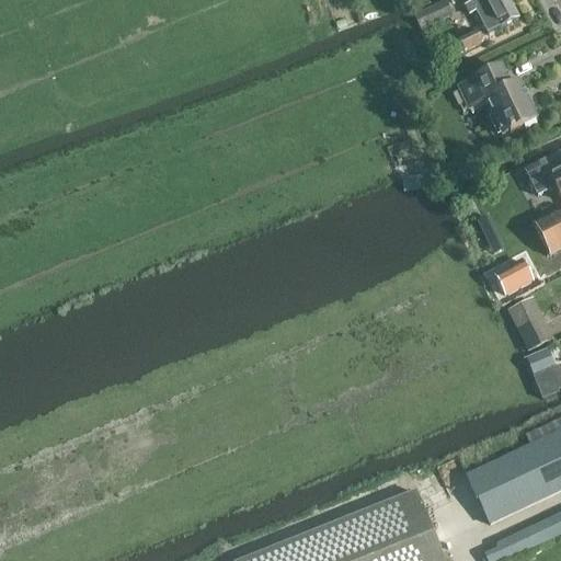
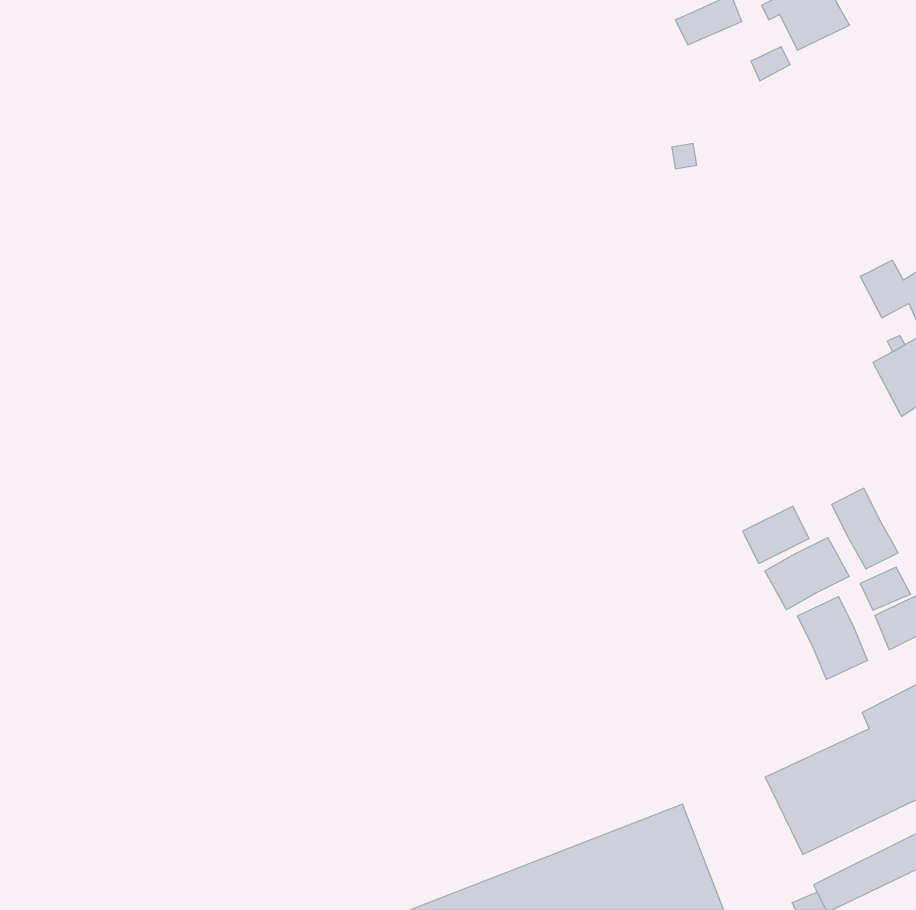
building: [460,66,537,134] -> none
building: [493,259,534,294] -> [743,506,809,563]
building: none -> [765,538,849,610]
building: none -> [798,596,867,680]

